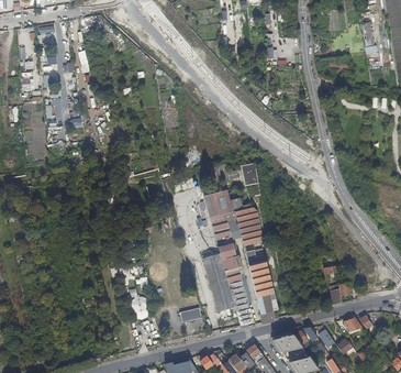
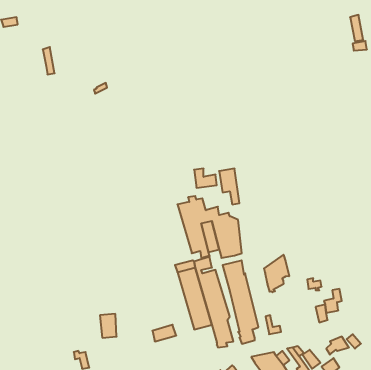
building: none -> [264,255,289,292]

